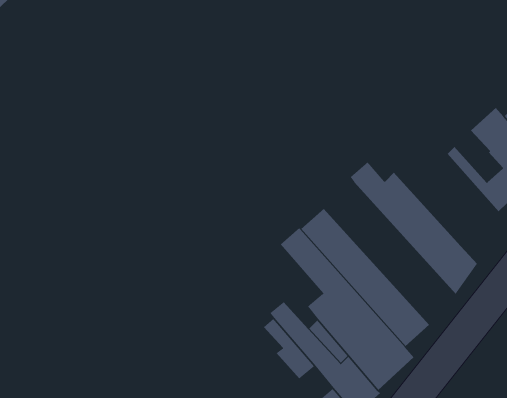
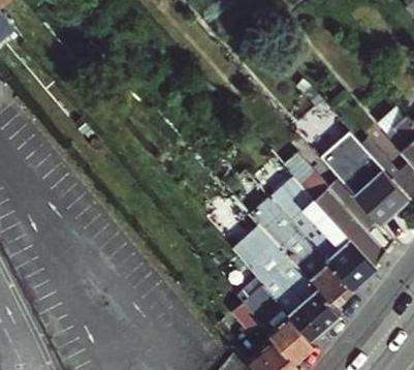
building: none -> [323,138,407,225]
building: none -> [267,175,376,288]

